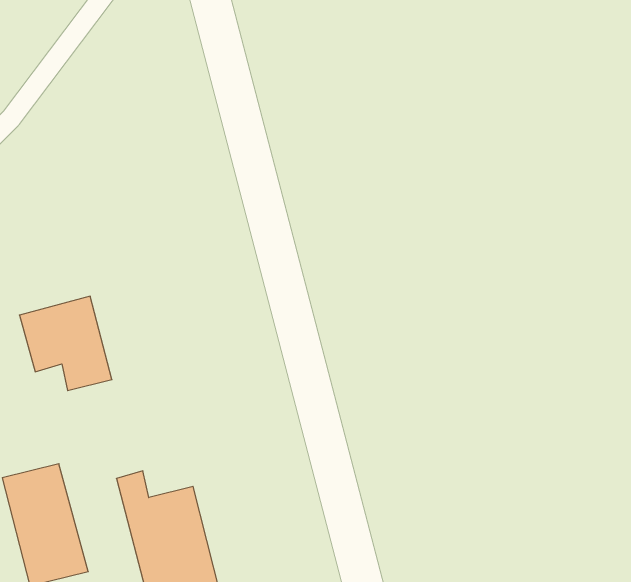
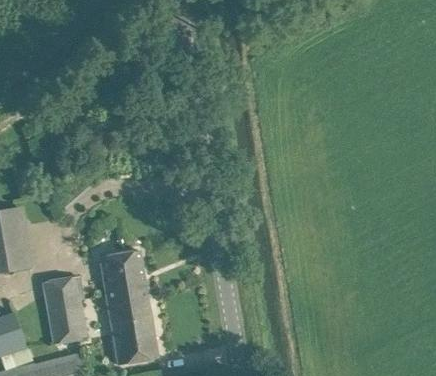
building: [19,296,112,391] -> [100,251,148,302]

